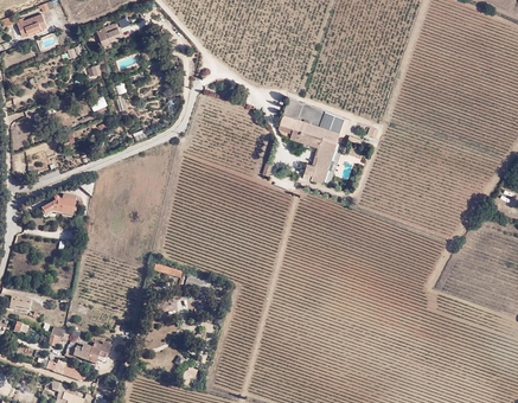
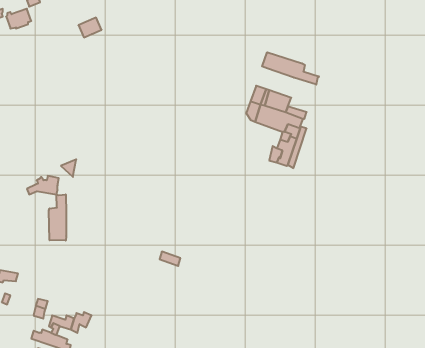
building: none -> [262,52,319,85]
building: none -> [49,194,66,241]

